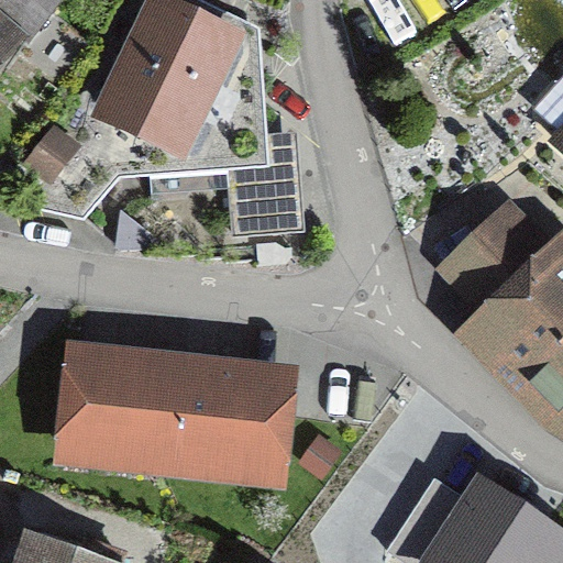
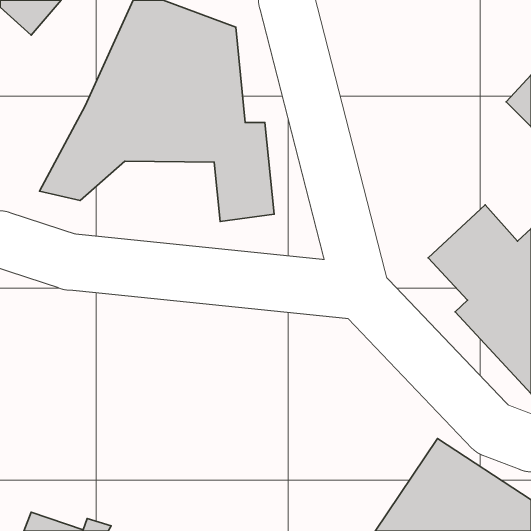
building: [65,360,291,485] -> none

